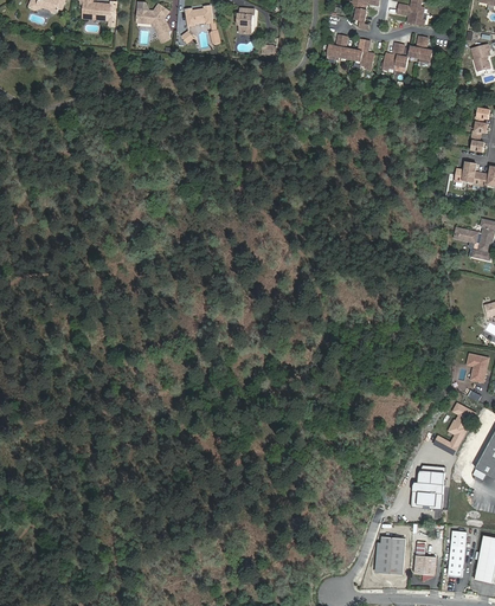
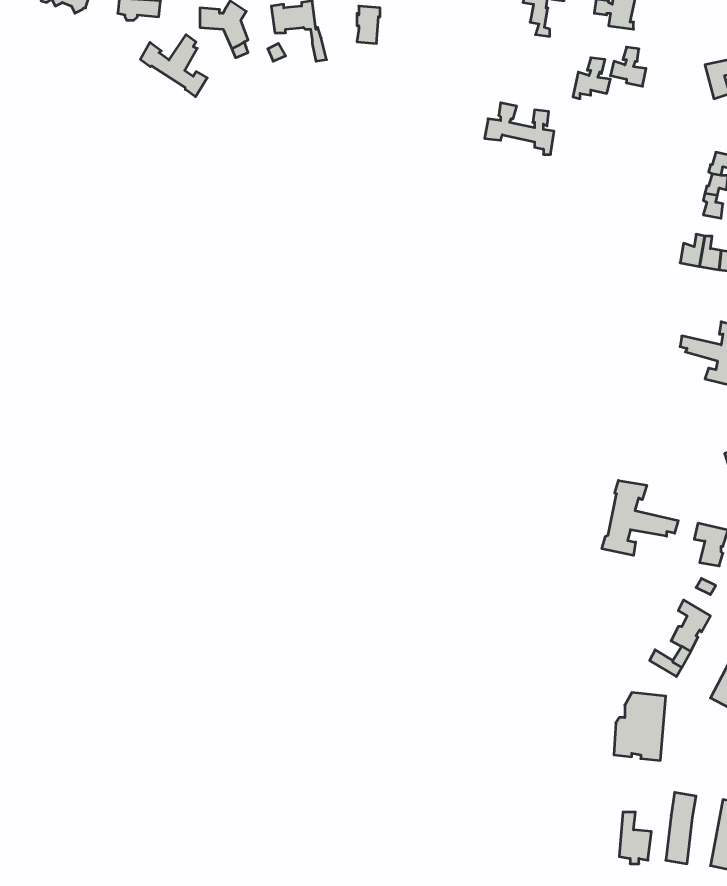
building: none -> [140,35,207,97]
building: [328,34,374,69] -> [485,103,554,154]
building: none -> [602,480,678,555]
building: [378,536,405,574] -> none

